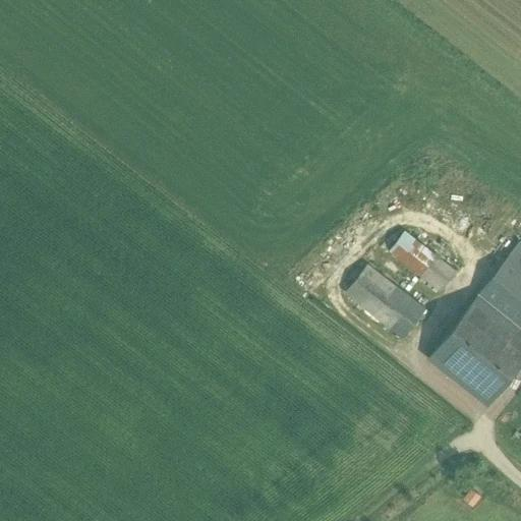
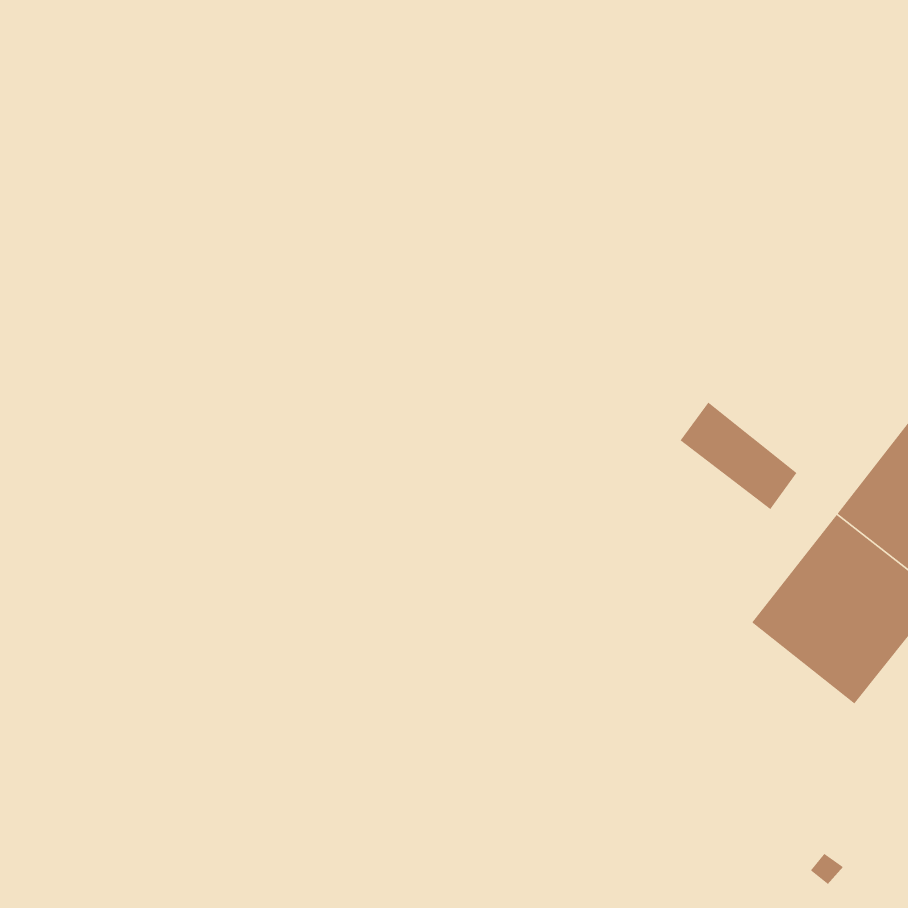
building: [345,264,427,341] -> none

